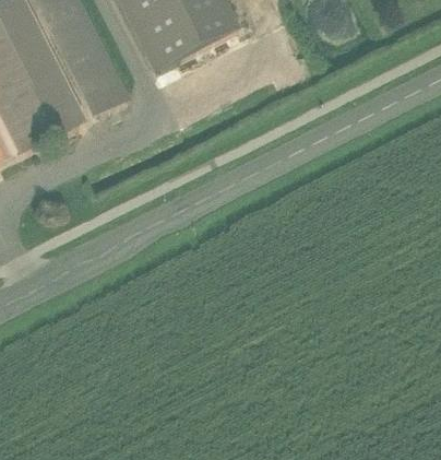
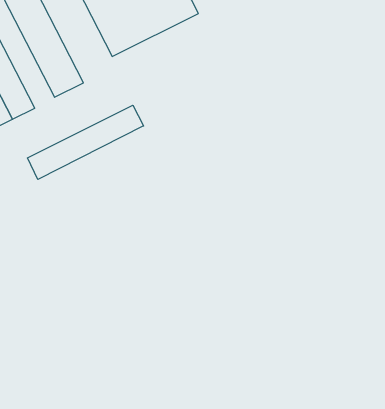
building: none -> [28,105,144,179]

